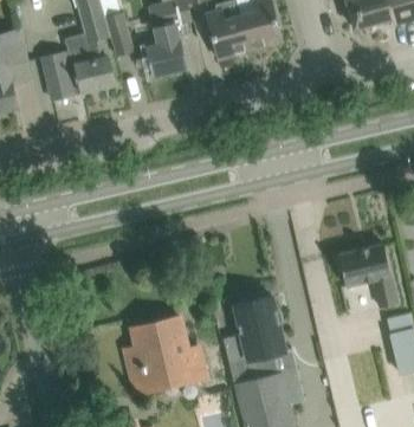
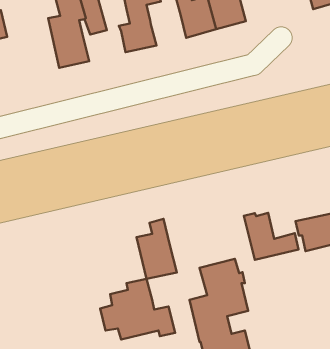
building: [43,38,83,98] -> none
building: none -> [244,213,298,260]
building: none -> [136,219,177,279]

